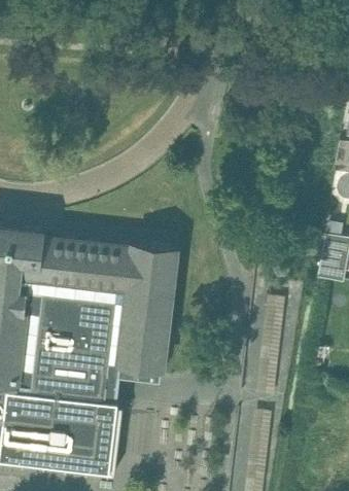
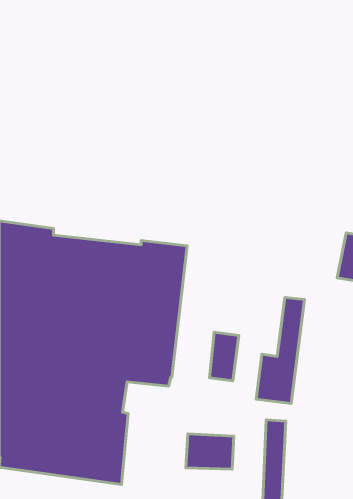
building: none -> [210,332,239,381]
building: none -> [186,434,234,469]

